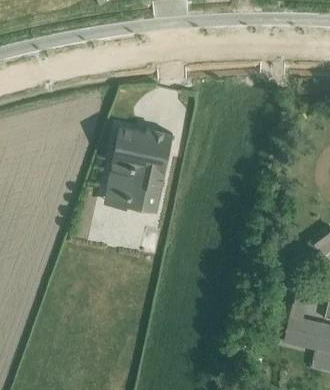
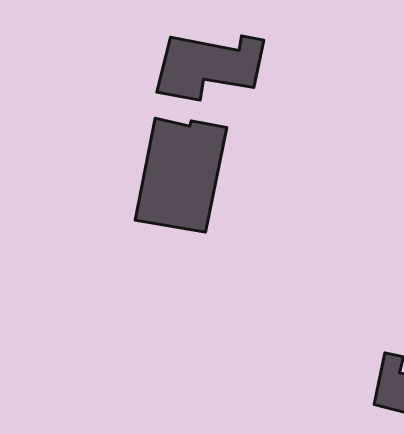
building: none -> [157,36,264,100]

